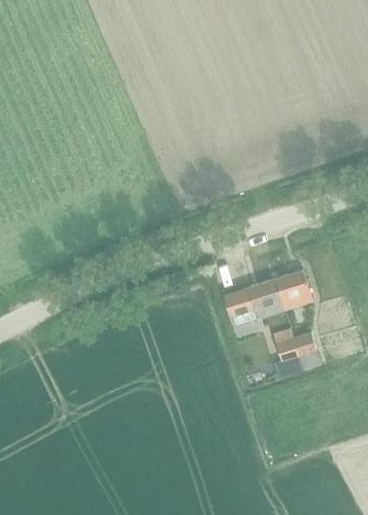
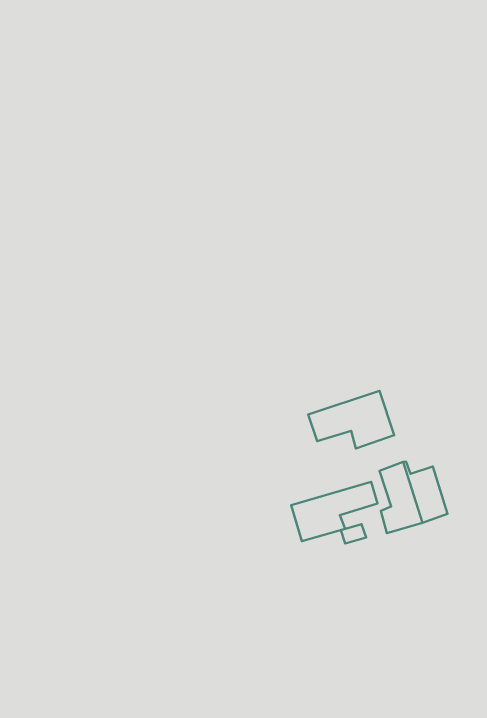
building: [273,268,312,309] -> none
building: none -> [291,482,377,541]

